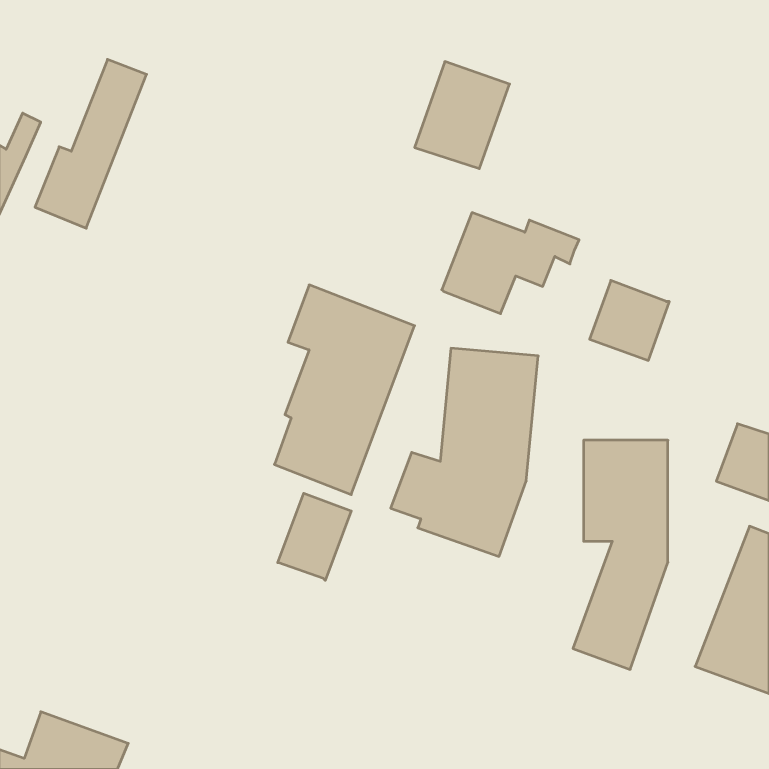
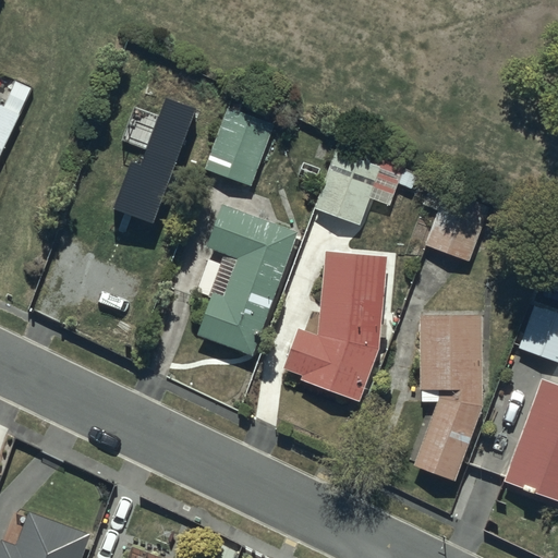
building: [35,59,147,228] -> [113,98,194,220]
building: [415,62,510,169] -> [206,107,275,184]
building: [278,493,351,580] -> none

